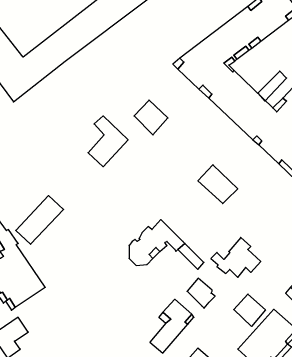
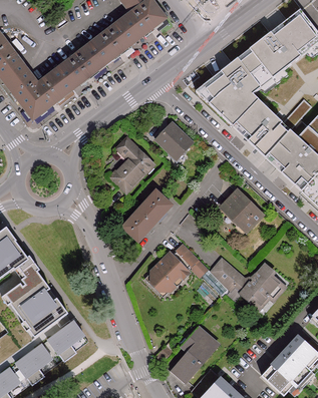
building: [16,196,64,244] -> [124,192,173,242]
building: [187,278,215,308] -> [212,261,240,291]
building: [234,294,265,326] -> none
building: none -> [46,322,82,363]

